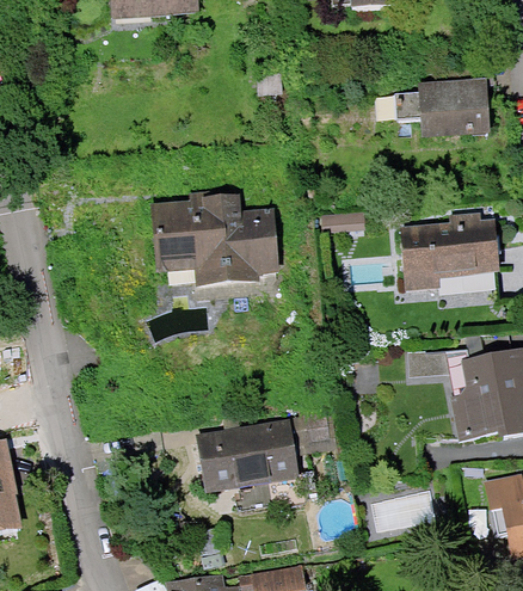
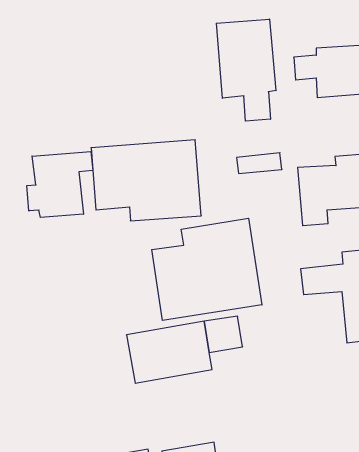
building: none -> [216,19,276,121]
building: none -> [27,151,93,217]
building: none -> [152,218,262,320]

